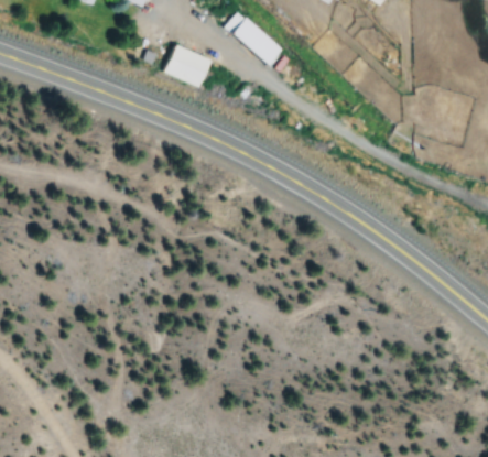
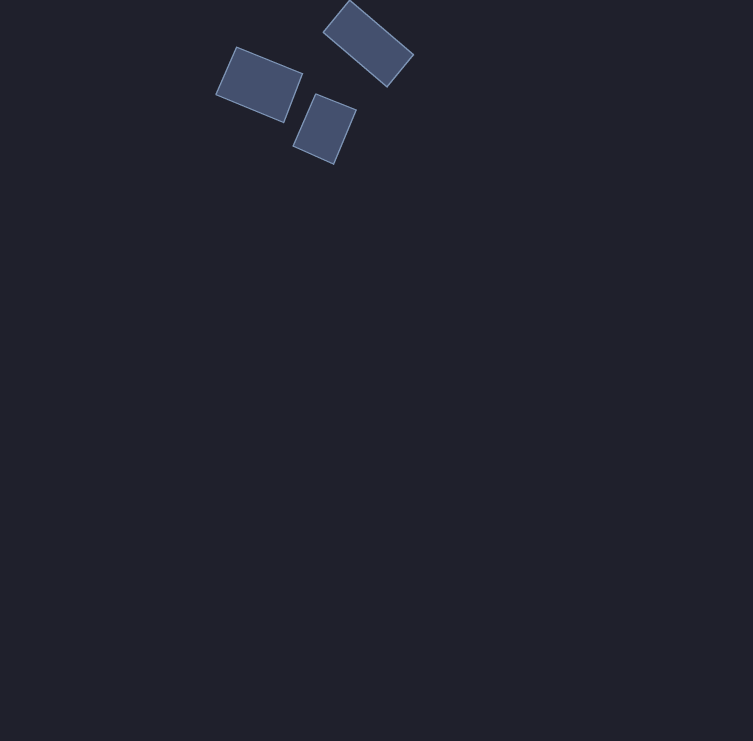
building: none -> [293,94,356,164]

